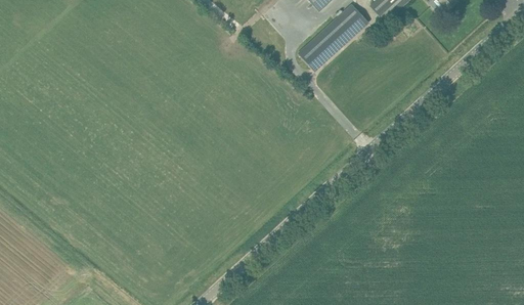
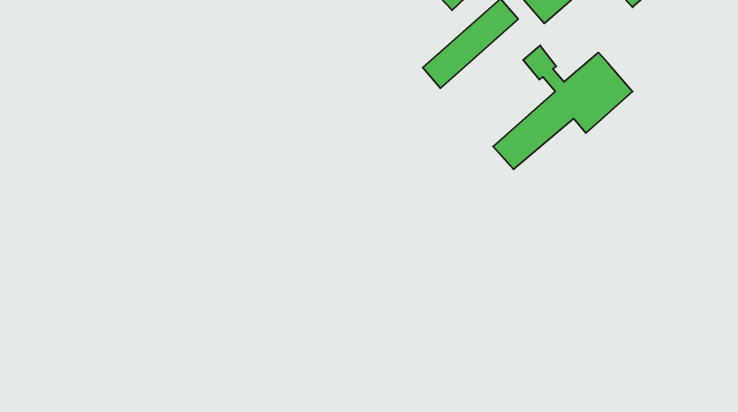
building: none -> [493,45,633,169]

